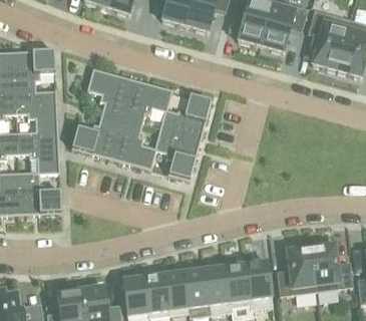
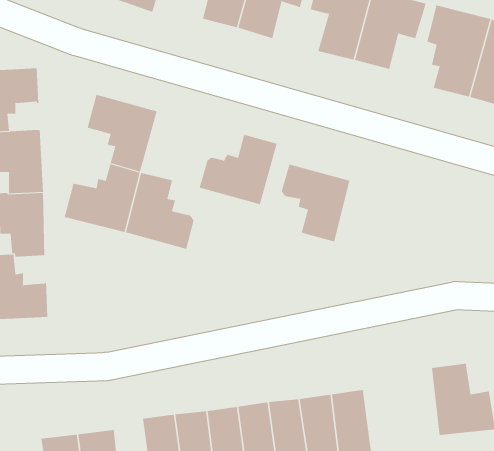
building: [121,78,172,123] -> none
building: [154,128,200,180] -> [281,164,350,242]
building: [277,246,316,295] -> none

